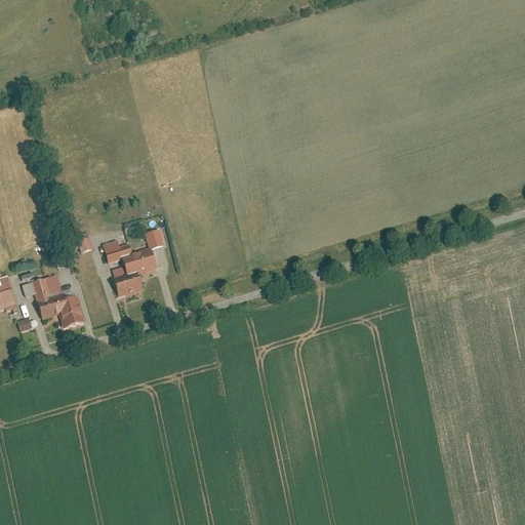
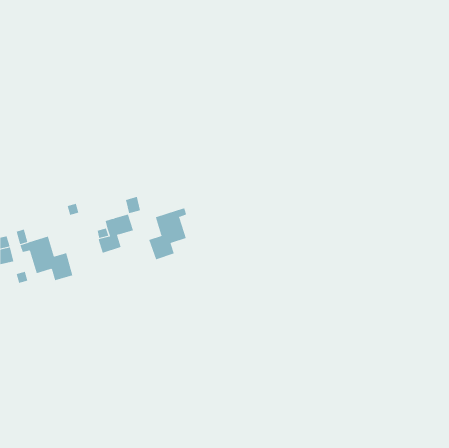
building: [104,240,132,261] -> none
building: none -> [149,207,187,260]

